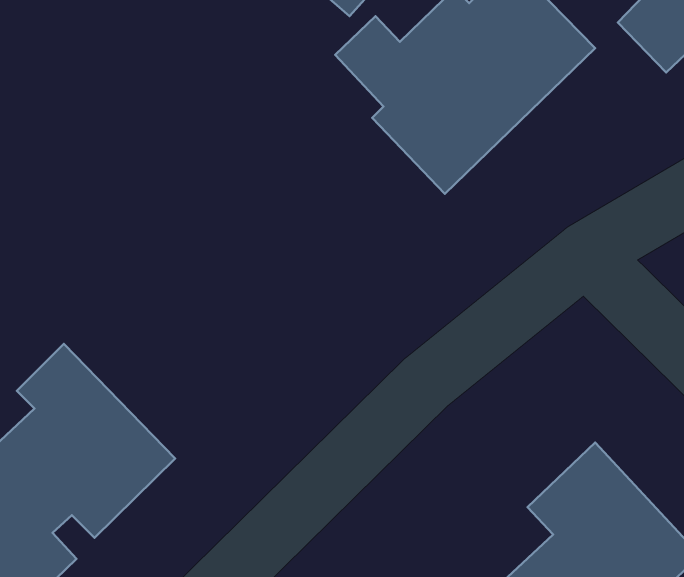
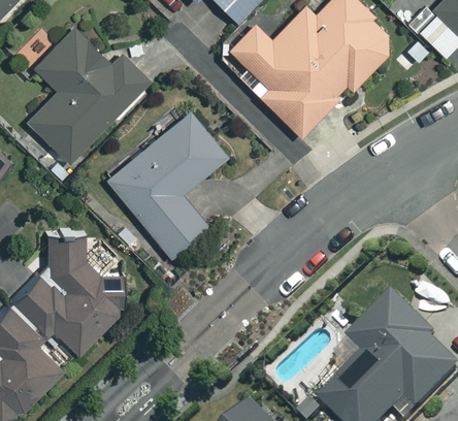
building: none -> [27,26,148,160]
building: none -> [106,110,225,255]

